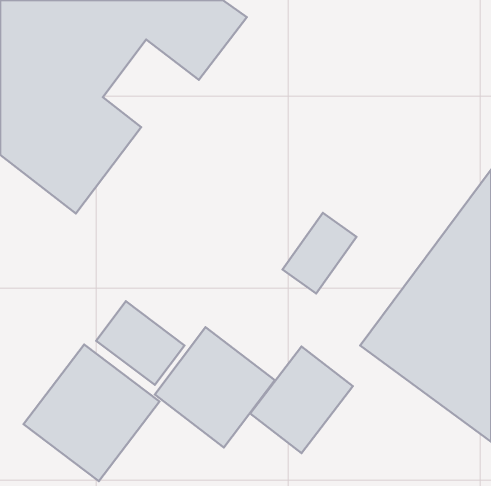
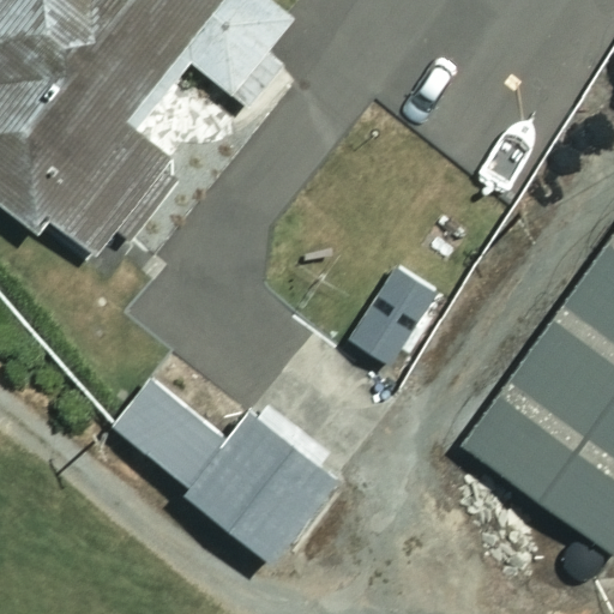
building: [24,345,159,481] -> none
building: [250,346,353,453] -> none

